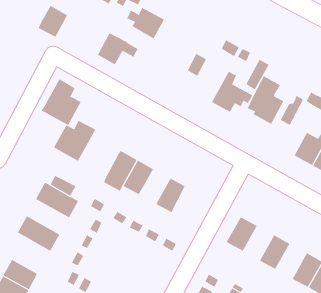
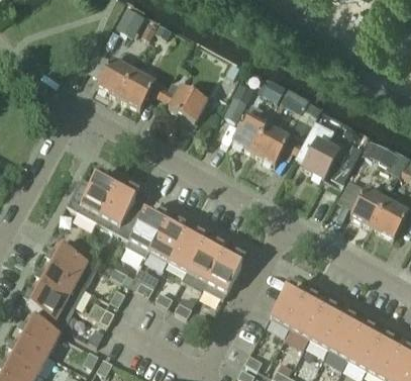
building: [38,5,68,38] -> [98,58,133,96]
building: [126,7,165,39] -> [163,86,208,123]
building: none -> [232,103,274,152]
building: [41,79,81,126] -> [97,184,144,240]
building: none -> [169,230,205,272]
building: none -> [203,251,243,299]
building: none -> [36,266,87,307]
building: none -> [291,297,327,339]
building: none -> [19,317,61,354]
building: none -> [329,318,366,360]

